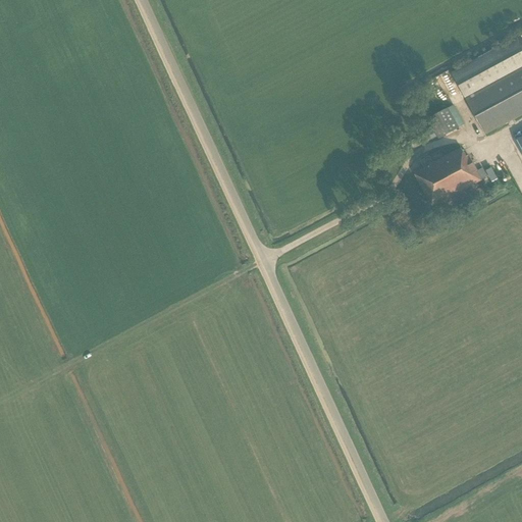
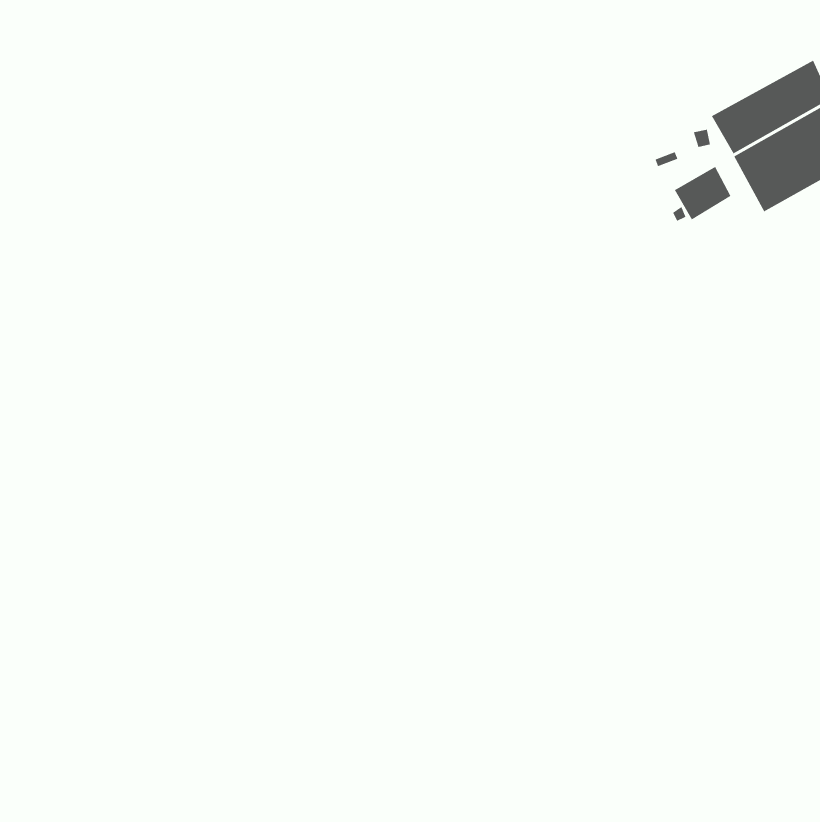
building: [415,148,482,207] -> none

